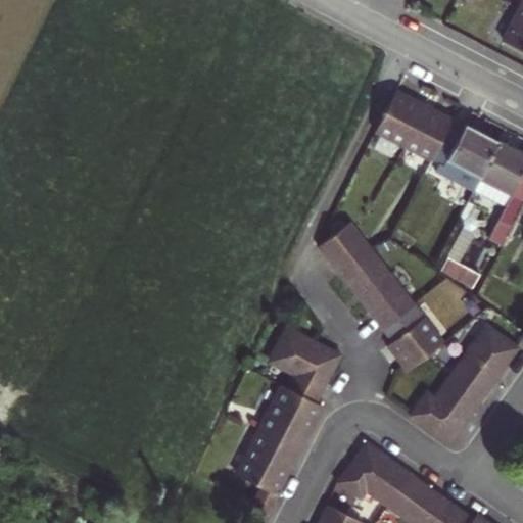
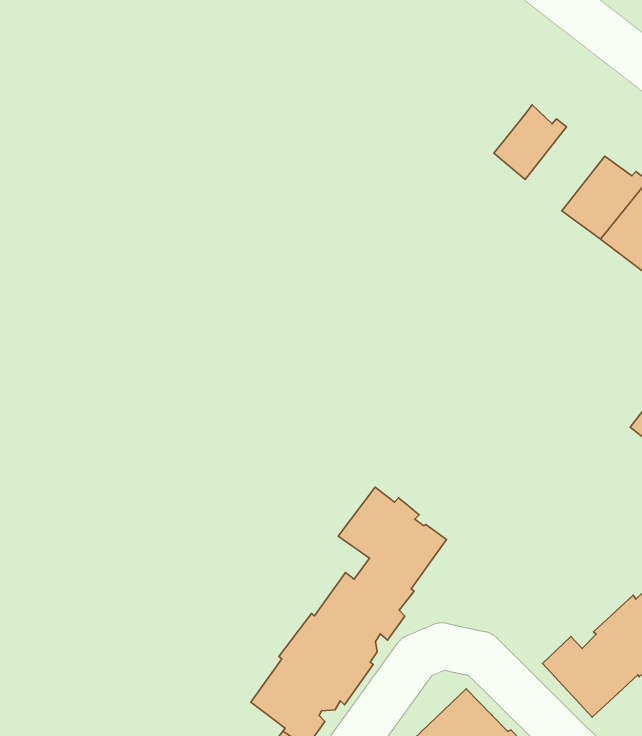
building: none -> [494,105,567,179]
building: [320,227,443,375] -> none

